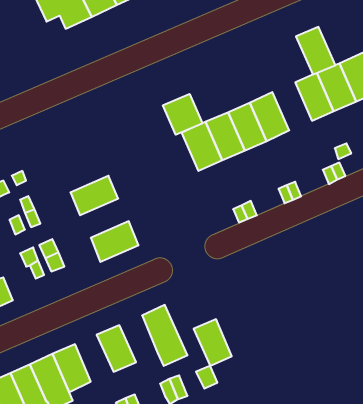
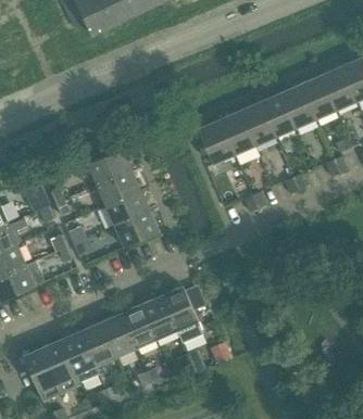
building: [296,27,335,75] -> [280,85,316,128]
building: [163,94,202,135] -> none
building: none -> [88,149,132,185]
building: none -> [105,190,150,226]
building: [194,319,232,366] -> [141,296,176,339]
building: none -> [101,314,136,356]

